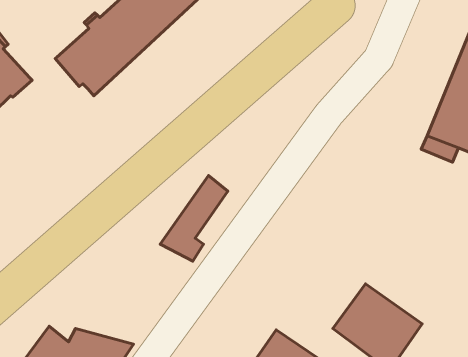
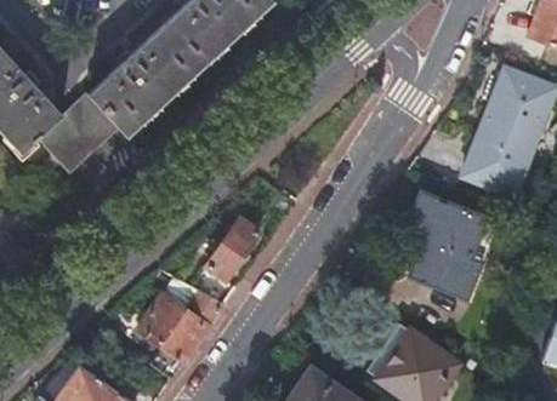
building: none -> [39,93,121,174]
building: none -> [408,193,485,292]
building: none -> [140,288,227,377]

